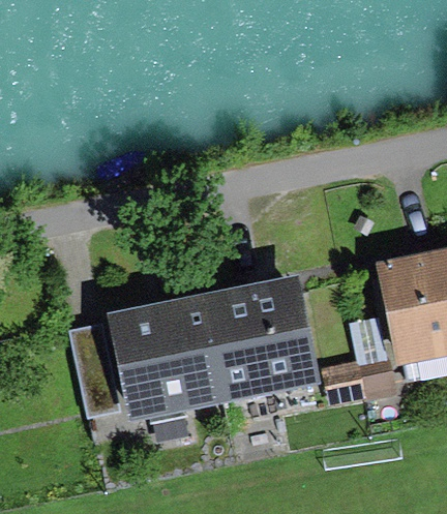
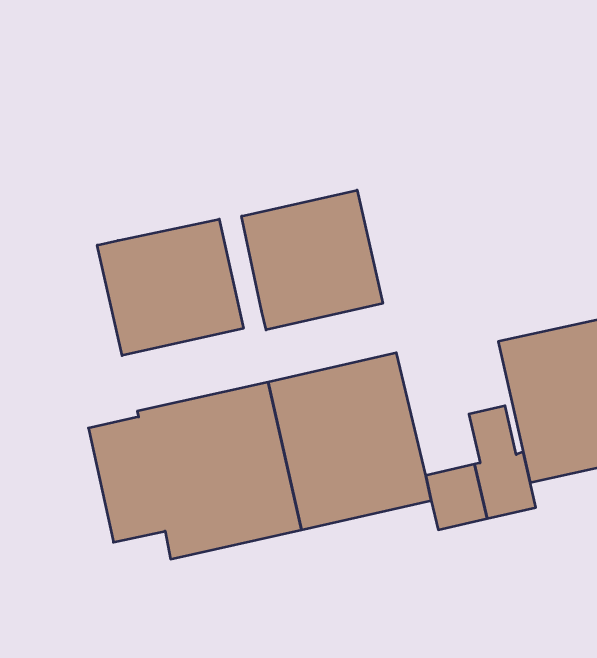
building: none -> [242,190,383,330]
building: none -> [97,219,243,356]

